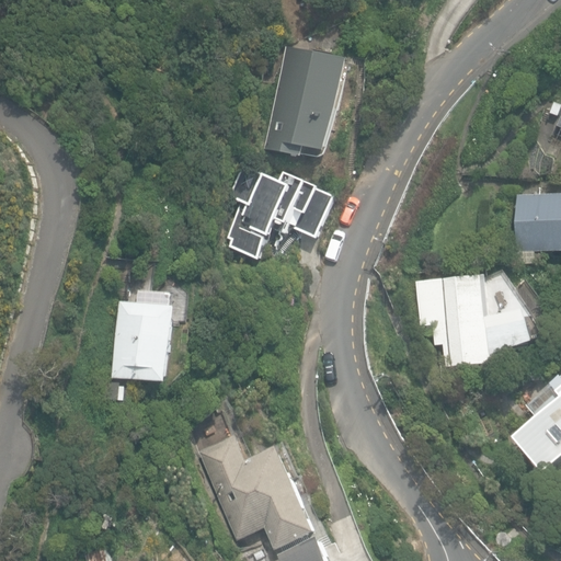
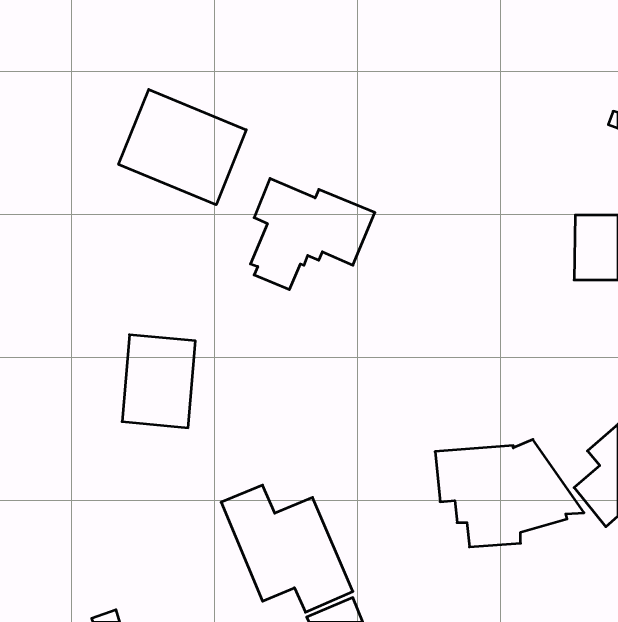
building: [264,44,350,158] -> none
building: none -> [119,89,246,205]
building: [413,270,547,366] -> [435,439,584,547]

